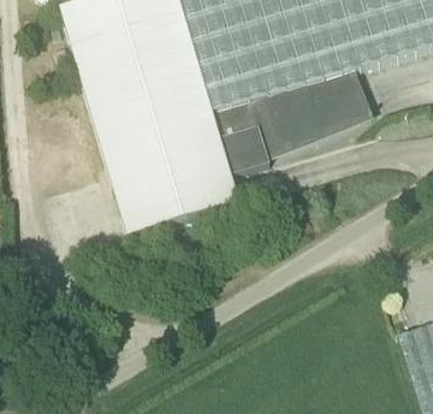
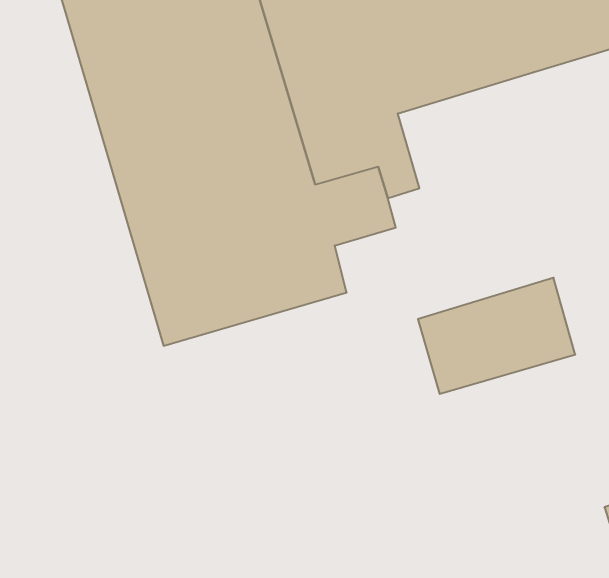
building: [271,70,367,141] -> [418,278,575,394]

